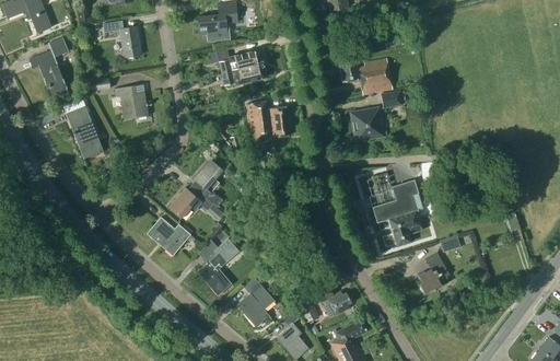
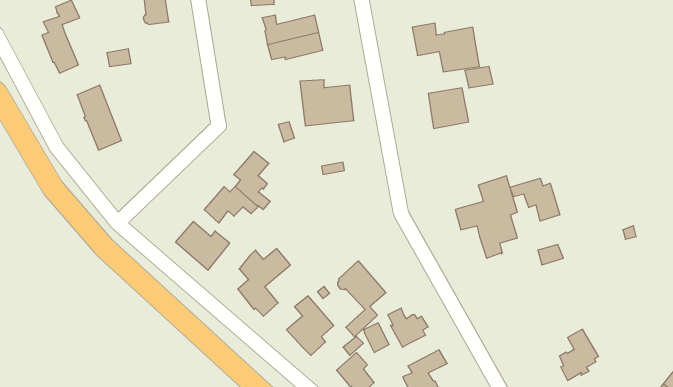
building: [114,84,148,119] -> none
building: none -> [510,178,560,221]
building: none -> [338,261,386,337]
building: [418,253,450,294] -> [559,329,599,381]

